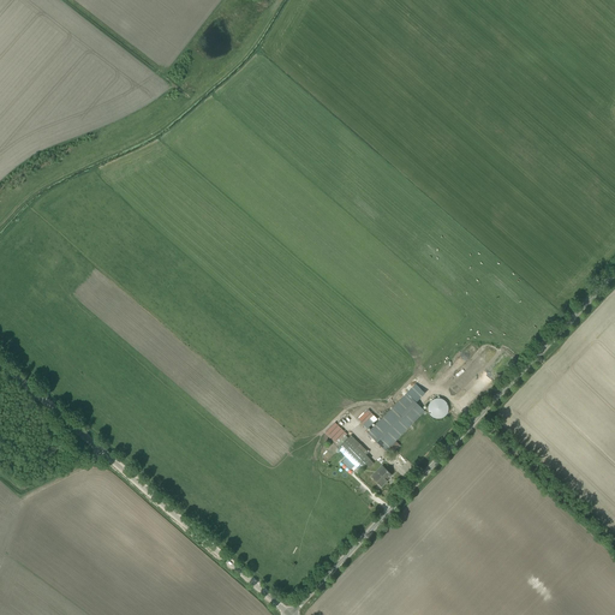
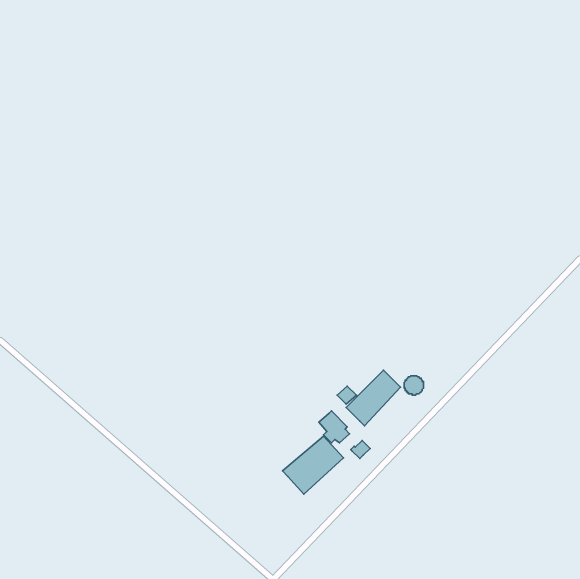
building: none -> [282,436,343,494]

